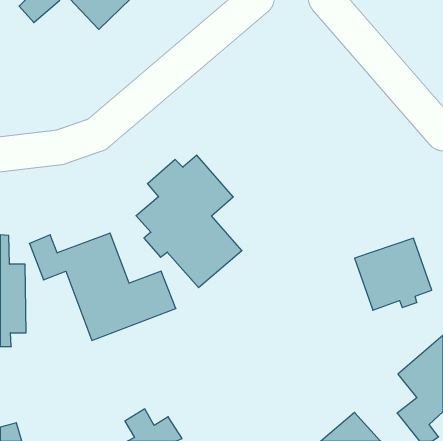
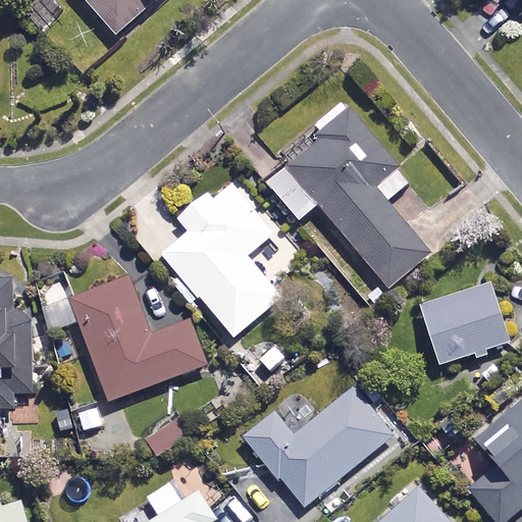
building: none -> [266,97,428,288]
building: none -> [244,385,393,507]

